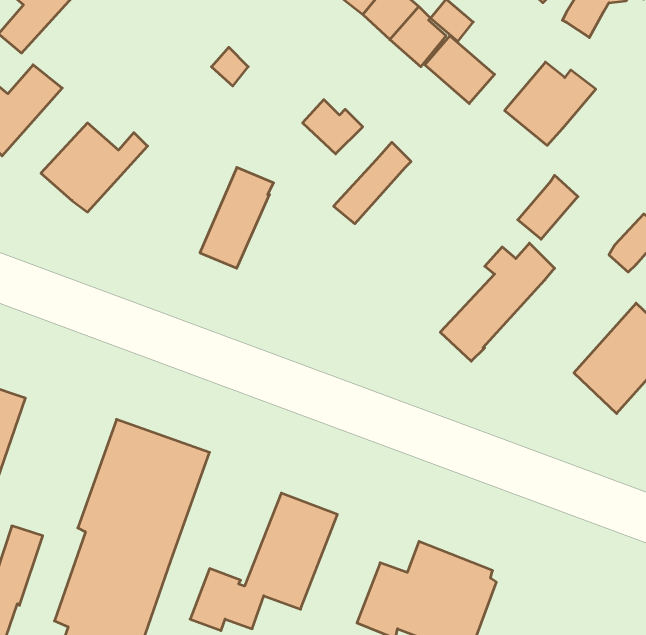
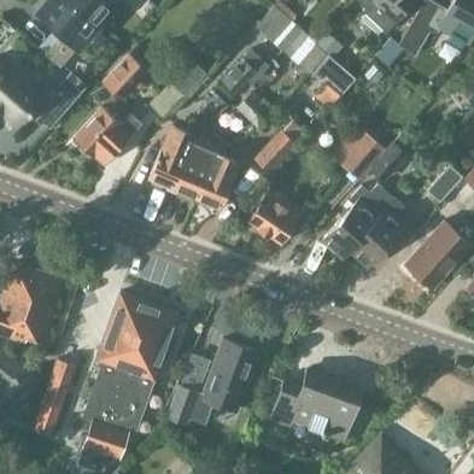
building: none -> [222,51,268,94]
building: none -> [99,52,148,103]
building: [505,62,596,145] -> [334,128,391,180]
building: none -> [148,128,195,189]
building: none -> [195,153,240,210]
building: none -> [247,188,303,244]
building: none -> [349,198,405,267]

